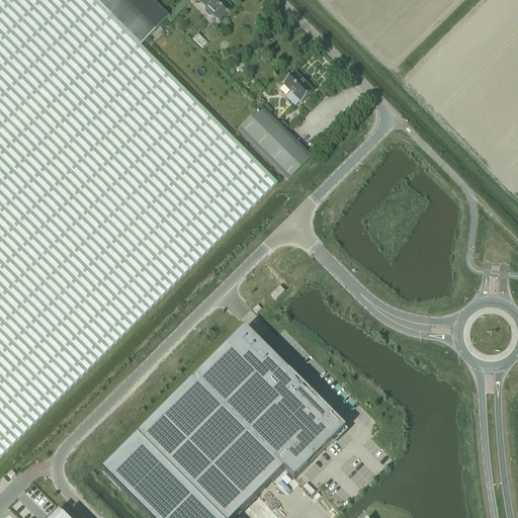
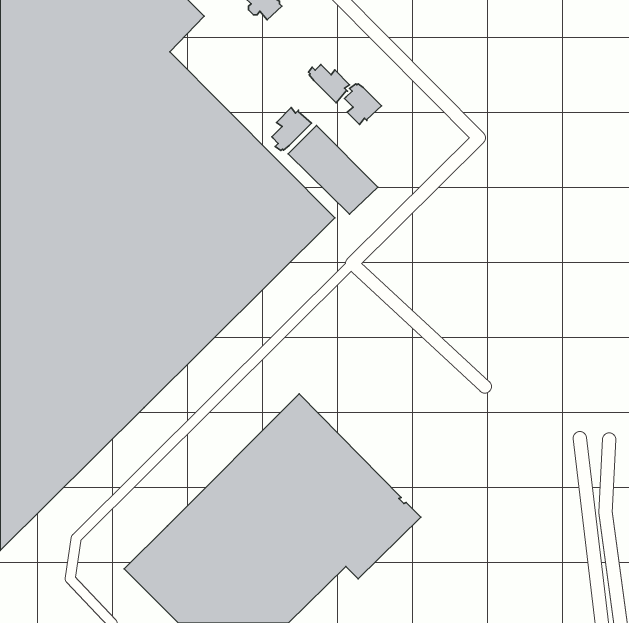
building: none -> [309,65,350,103]
building: none -> [272,108,311,151]

